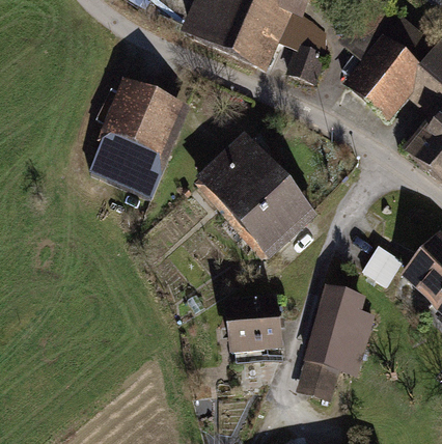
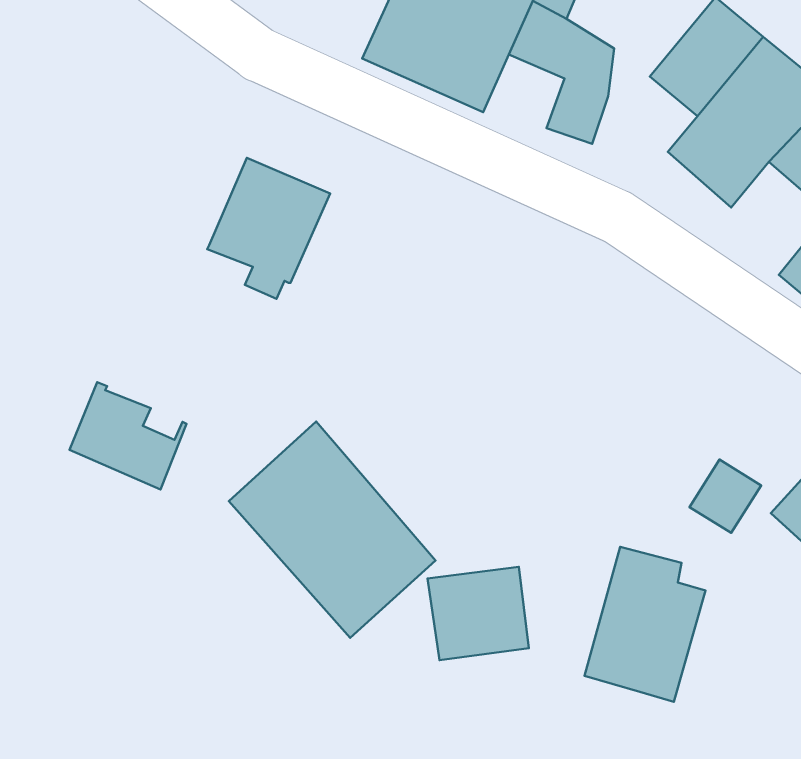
building: [93,132,155,188] -> [69,382,186,489]
building: [201,140,309,253] -> [229,422,435,638]
building: [300,359,338,397] -> none

